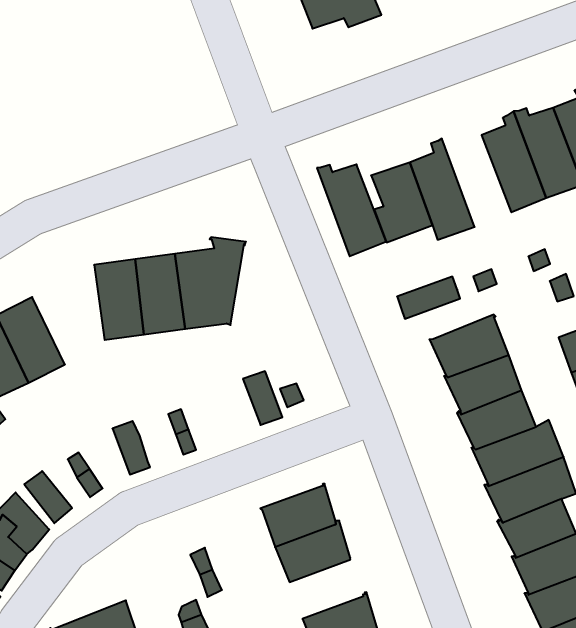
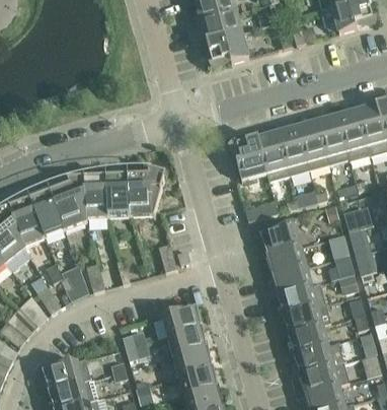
building: [317,164,386,256] -> [276,126,309,176]
building: none -> [50,178,86,229]
building: none -> [173,345,212,377]

